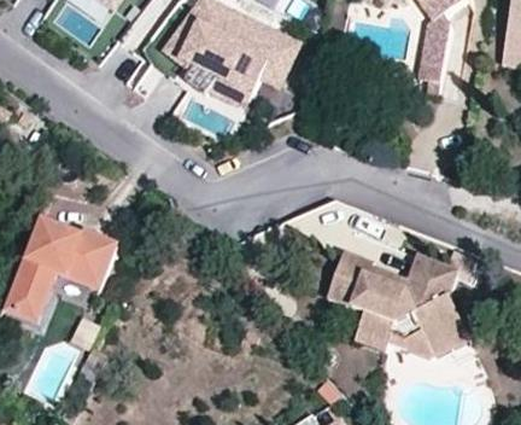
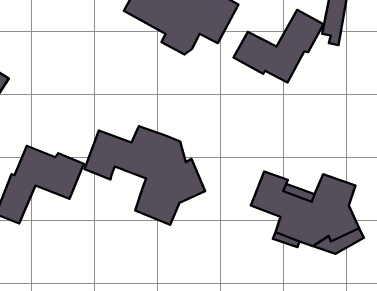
building: none -> [234,10,323,82]
building: none -> [84,126,205,225]

